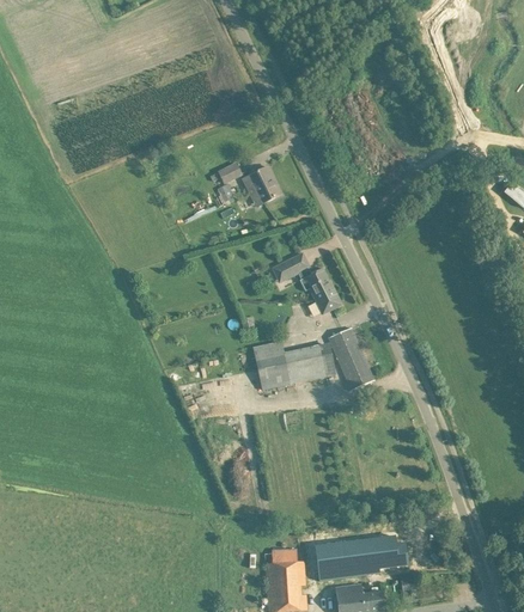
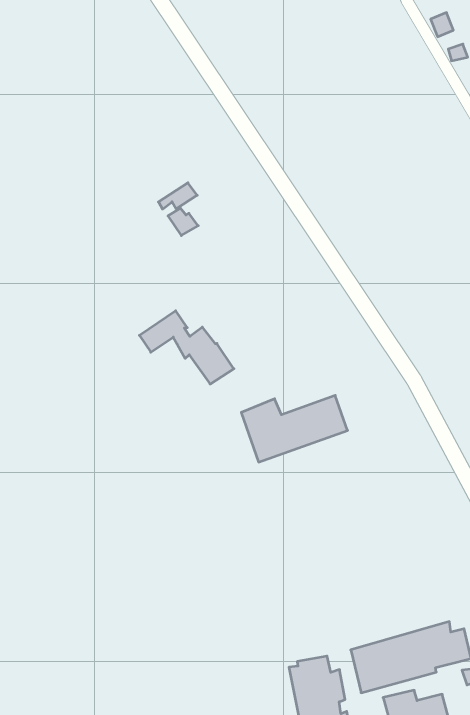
building: [249,165,279,202] -> none
building: [272,252,342,313] -> [139,311,234,384]
building: [328,326,374,390] -> none

